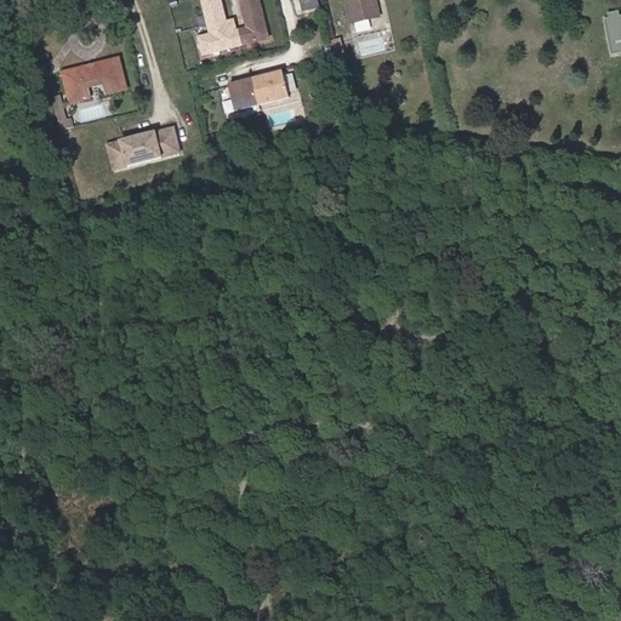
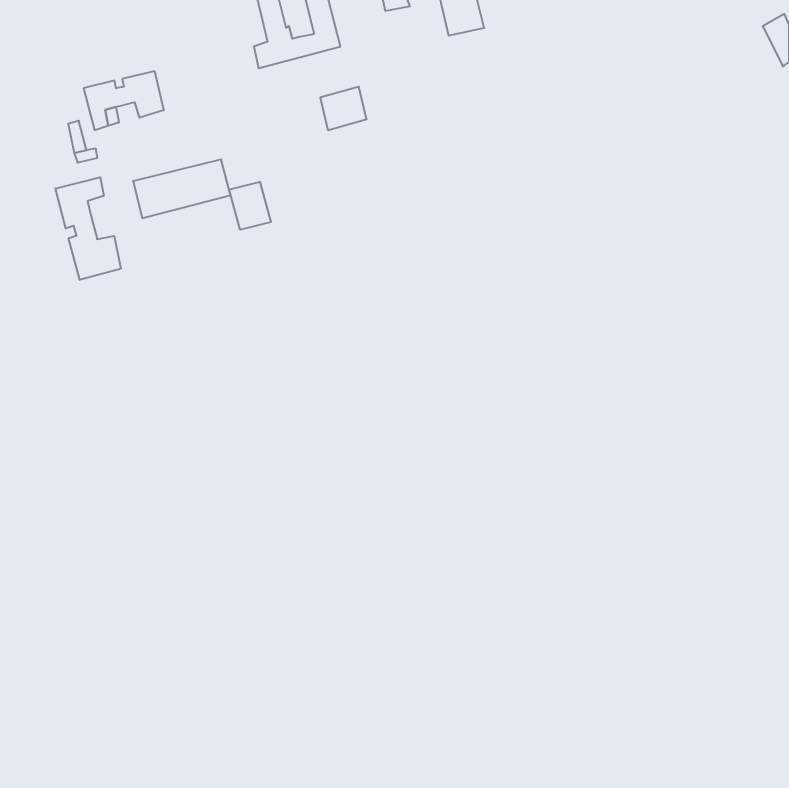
building: [228,76,257,108] -> none
building: none -> [55,177,121,280]
building: none -> [229,182,271,230]

